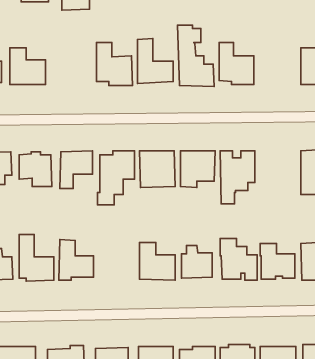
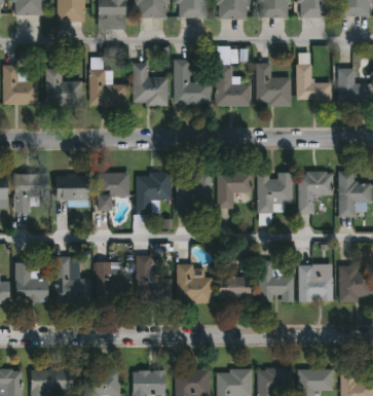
building: none -> [90,57,126,105]
building: none -> [297,64,332,105]
building: none -> [298,171,333,213]
building: none -> [138,255,172,304]

